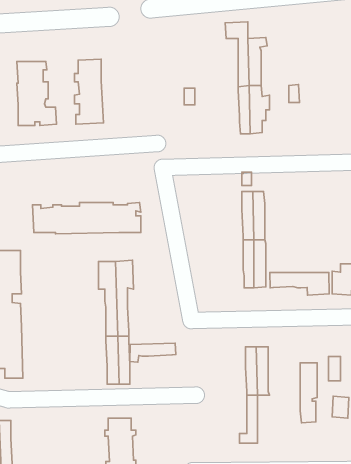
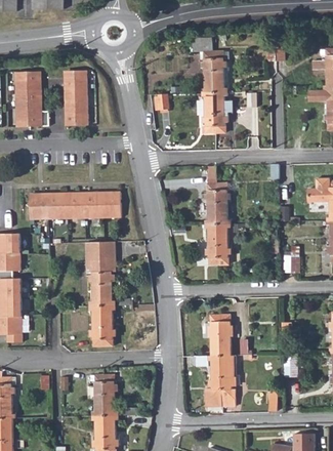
building: [270,272,329,295] -> none
building: [130,343,176,362] -> none
building: [300,363,317,423] -> [220,356,235,407]

